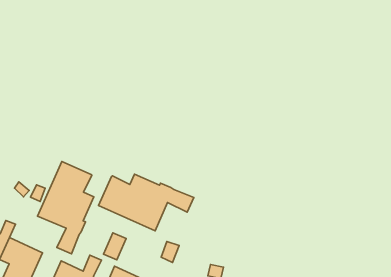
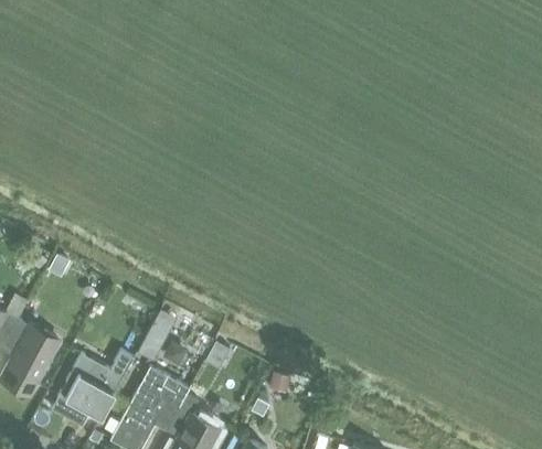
building: [38,161,94,254] -> none
building: [99,174,194,231] -> none

